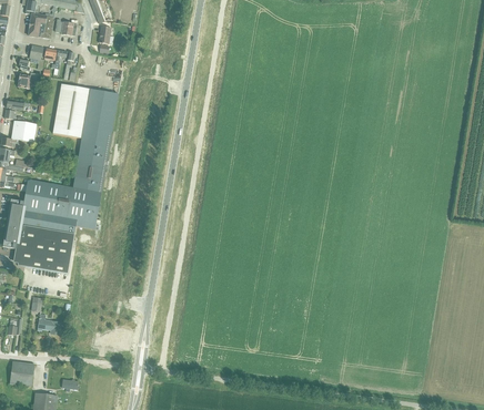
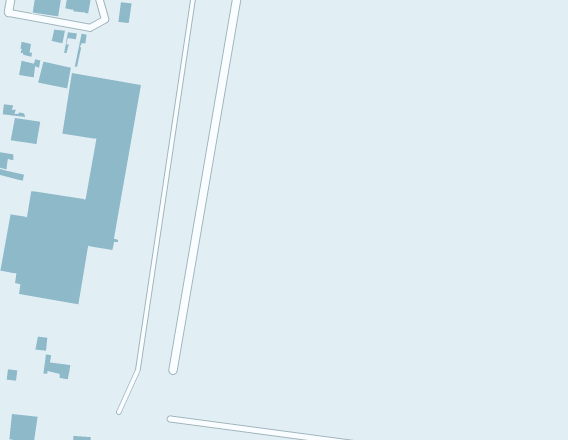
building: none -> [37,61,72,89]

